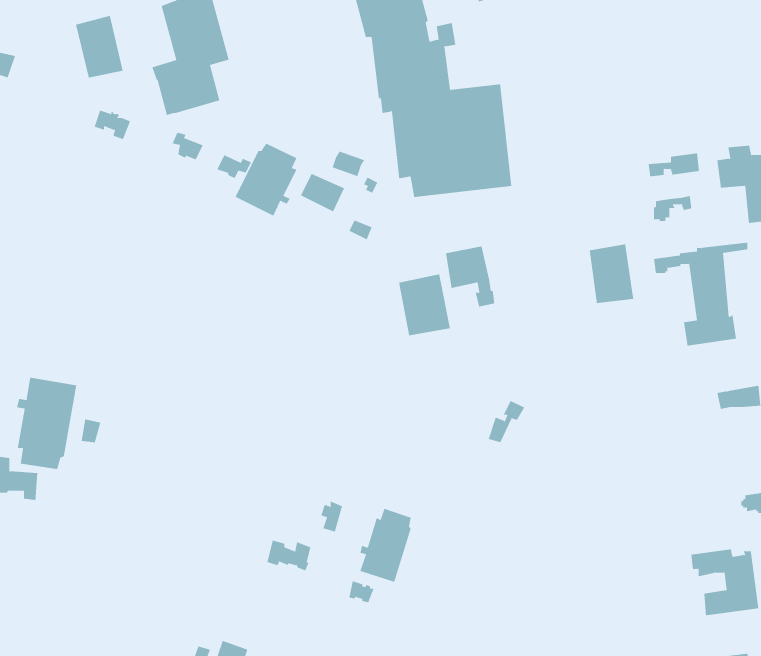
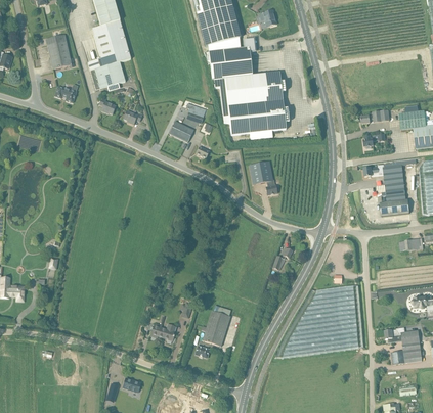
building: [235,143,297,216] -> none
building: [589,244,634,304] -> none
building: [399,273,451,336] -> none
building: [17,377,77,470] -> none

